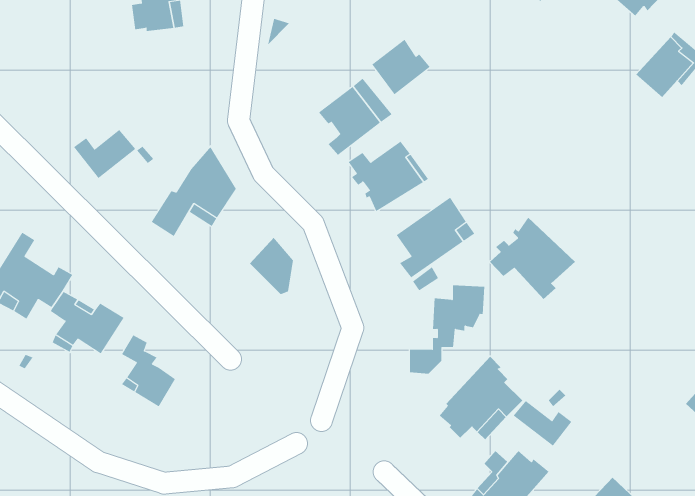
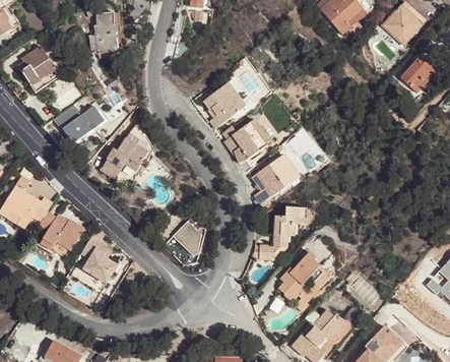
building: none -> [18,46,59,93]
building: [371,39,431,95] -> none
building: [489,217,576,300] -> none
building: [249,237,294,295] -> [173,220,200,255]
building: [513,400,572,447] -> none

